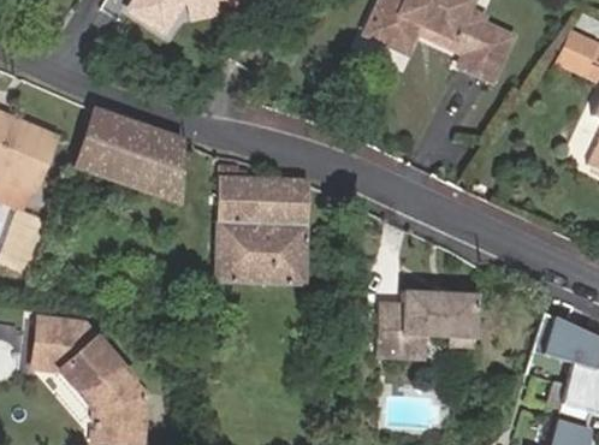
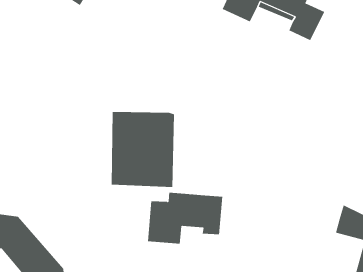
building: [73,108,178,206] -> none
building: [375,287,482,361] -> [147,192,223,244]

